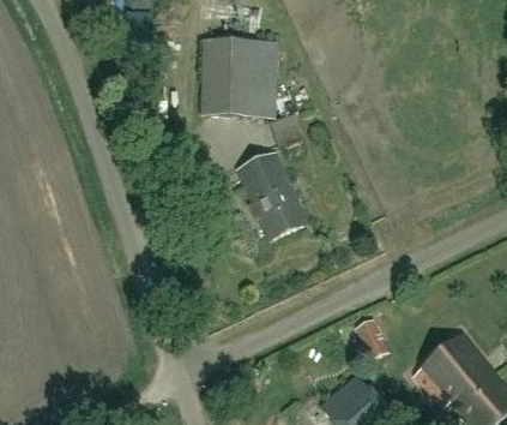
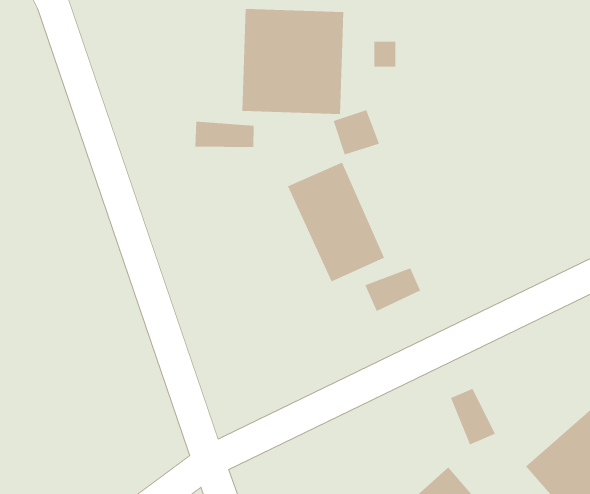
building: none -> [195,121,254,148]
building: none -> [365,268,421,312]

